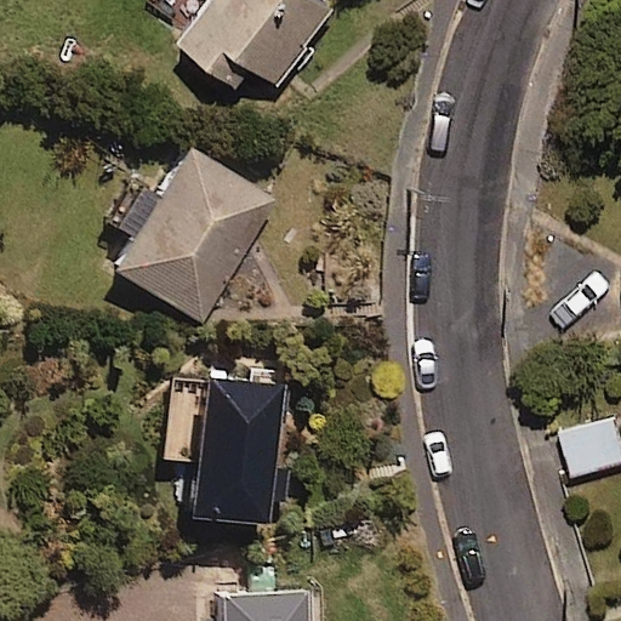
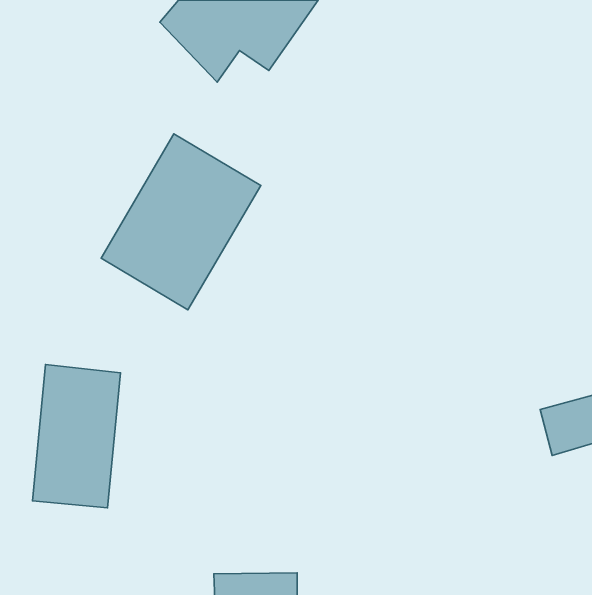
building: [183,370,274,518] -> [32,365,121,508]

